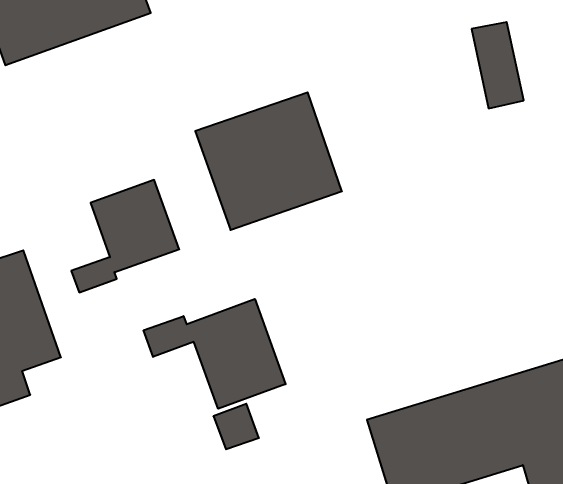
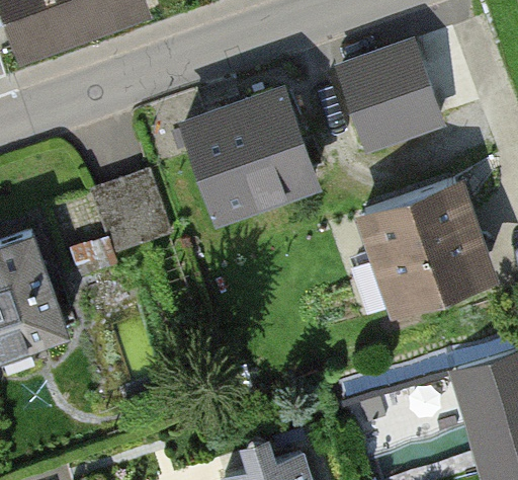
building: none -> [341,45,442,144]
building: none -> [366,180,488,302]
building: [144,299,286,409] -> none

